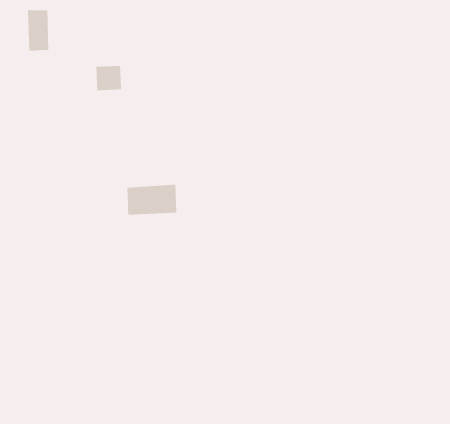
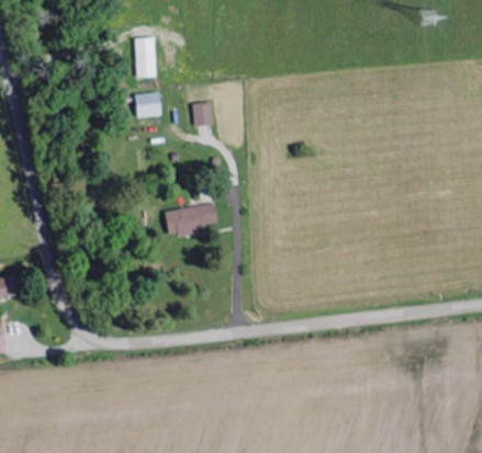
building: [27,10,49,51] -> [135,37,156,77]
building: none -> [191,102,212,125]

